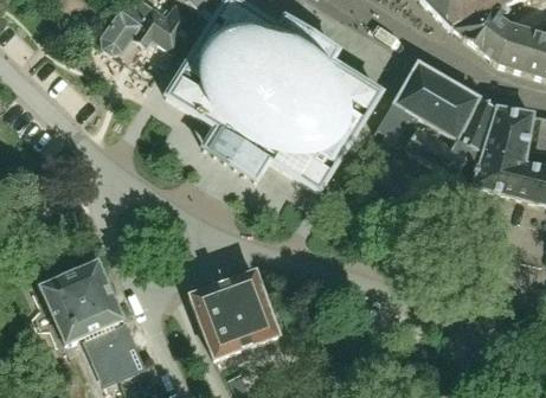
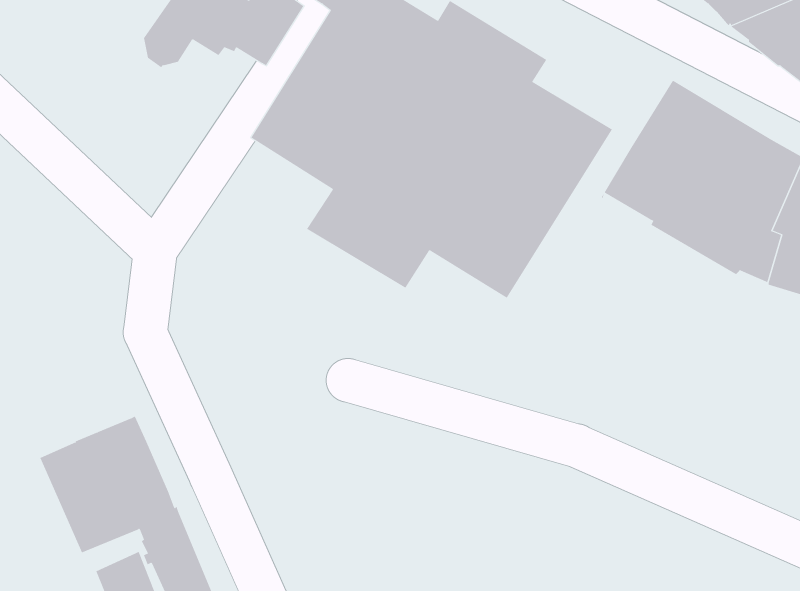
building: [192,270,280,358] -> none

